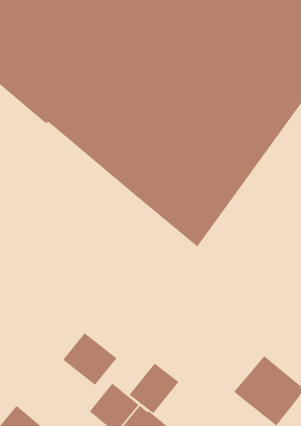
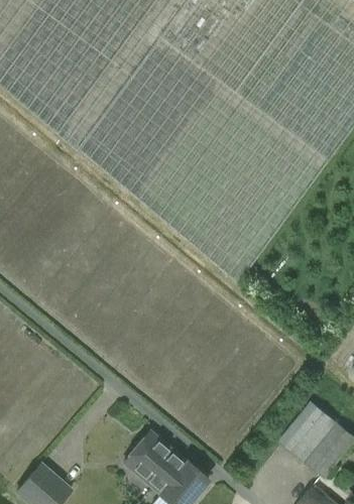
building: [62,332,117,386] -> none
building: [129,362,180,414] -> none

